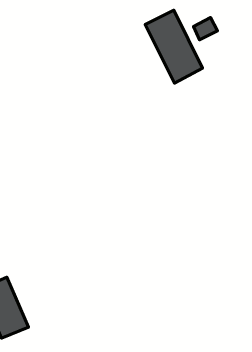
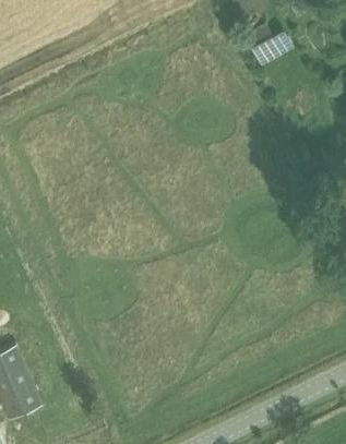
building: [145,10,203,83] -> none

